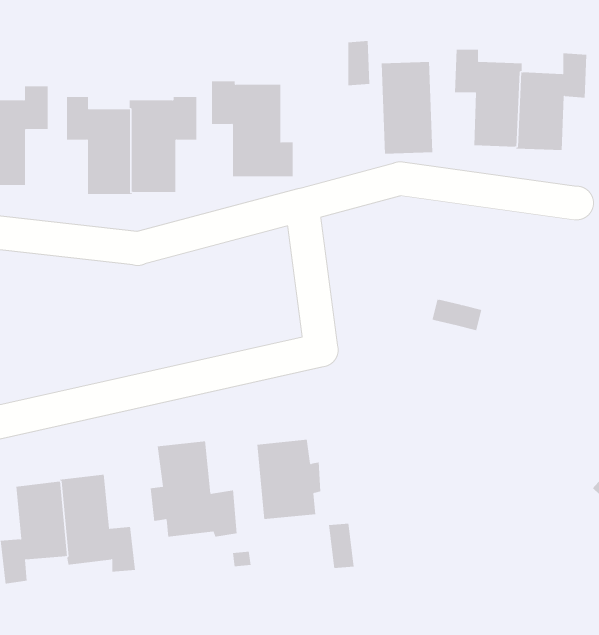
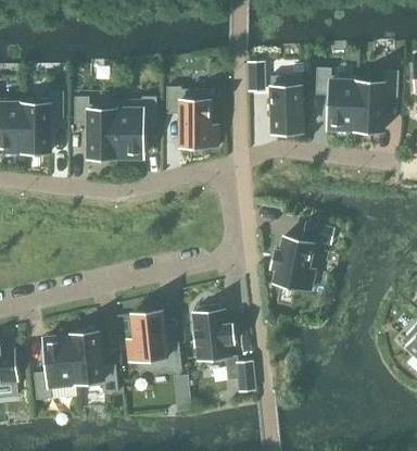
building: none -> [271,238,316,291]

